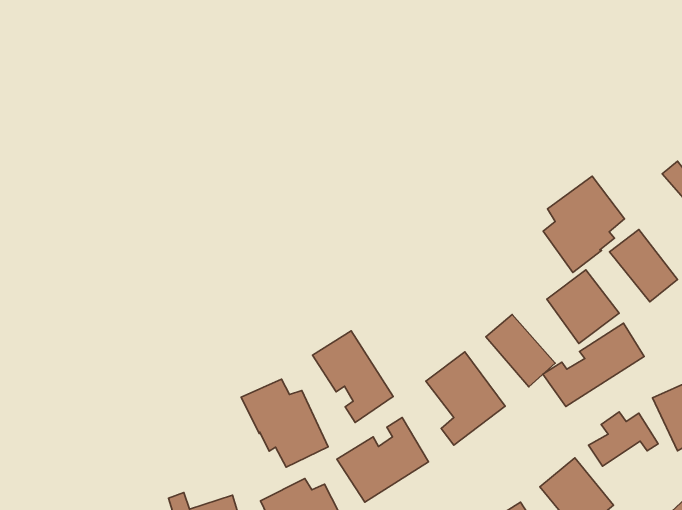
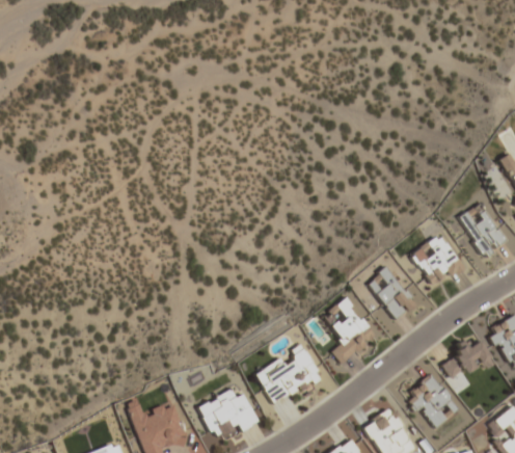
building: [543,176,624,272] -> none
building: [543,323,644,407] -> none
building: [312,331,393,423] -> none
building: [241,379,328,467] -> none

